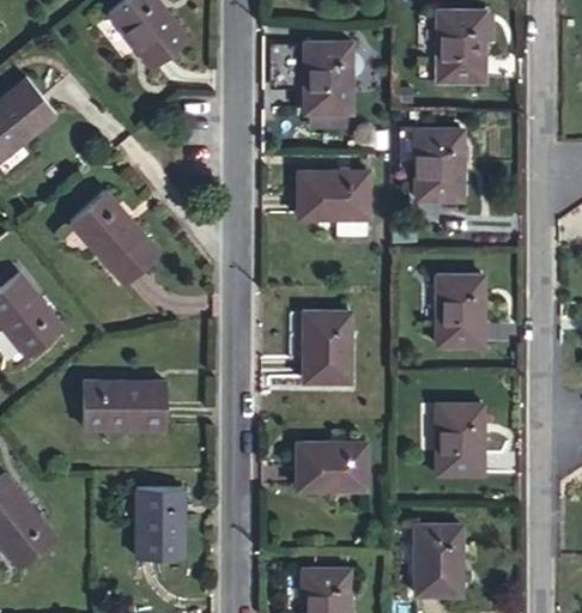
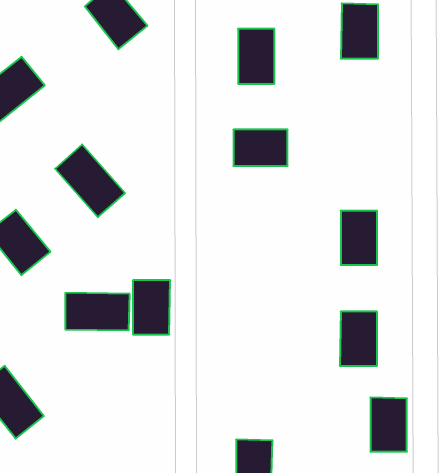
building: [416,128,463,200] -> none
building: [304,311,351,382] -> none
building: [297,442,368,490] -> none
building: [137,488,184,558] -> [133,280,170,334]
building: [416,524,462,594] -> [370,397,407,452]

